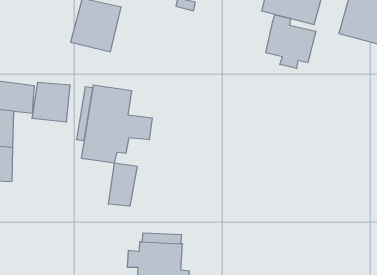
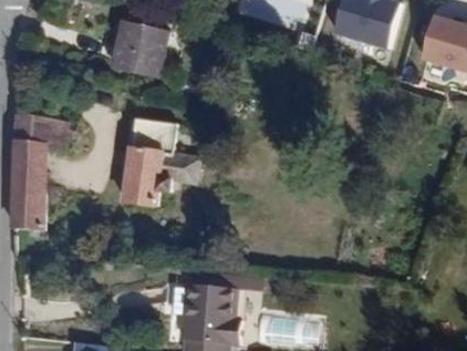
building: [266,15,316,69] -> none
building: [32,82,70,122] -> none
building: [108,163,137,206] -> none

